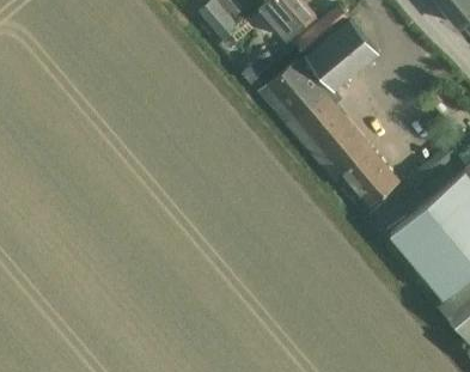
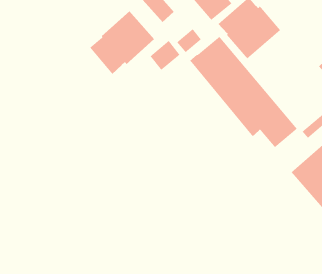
building: none -> [89,10,155,75]
building: none -> [149,40,181,71]

